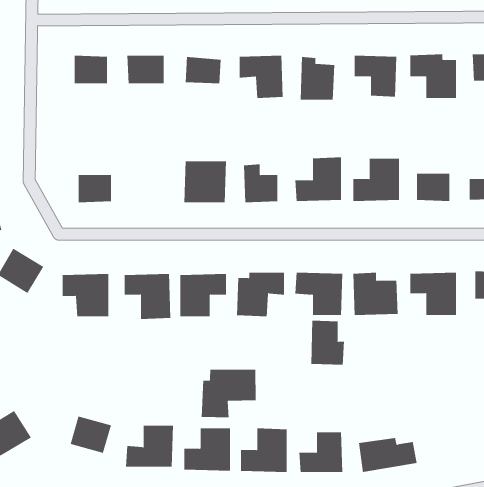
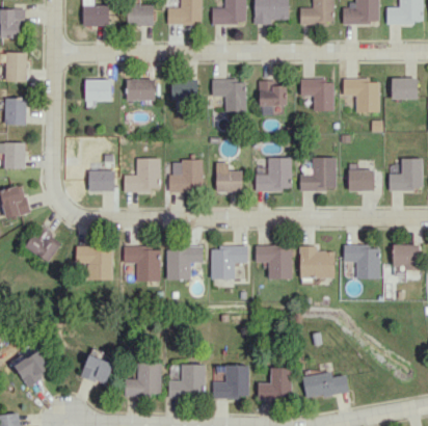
building: none -> [124,158,159,191]
building: [311,320,344,365] -> none
building: [201,369,256,418] -> none

